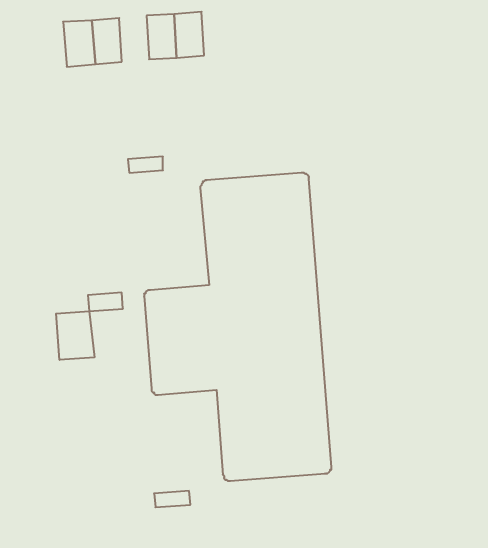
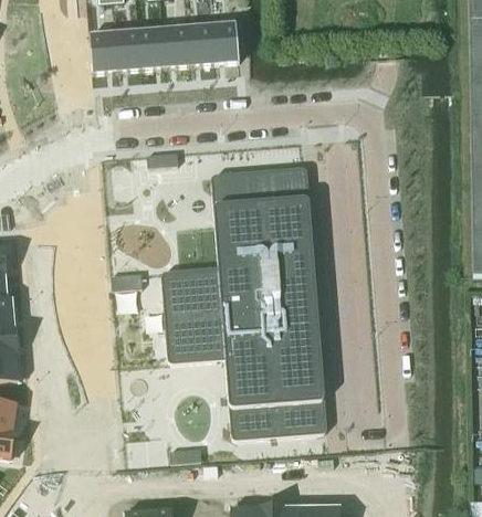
building: none -> [212,22,240,63]
building: none -> [139,28,166,68]
building: [56,311,94,360] -> none

